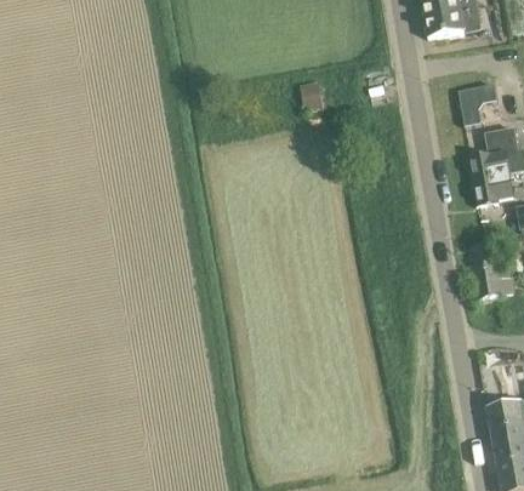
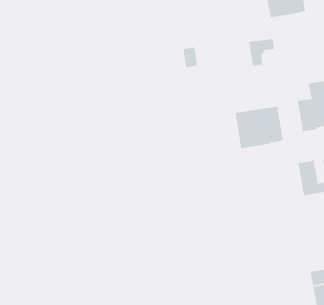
building: [460,84,499,125] -> [248,38,275,66]
building: none -> [235,106,284,149]

